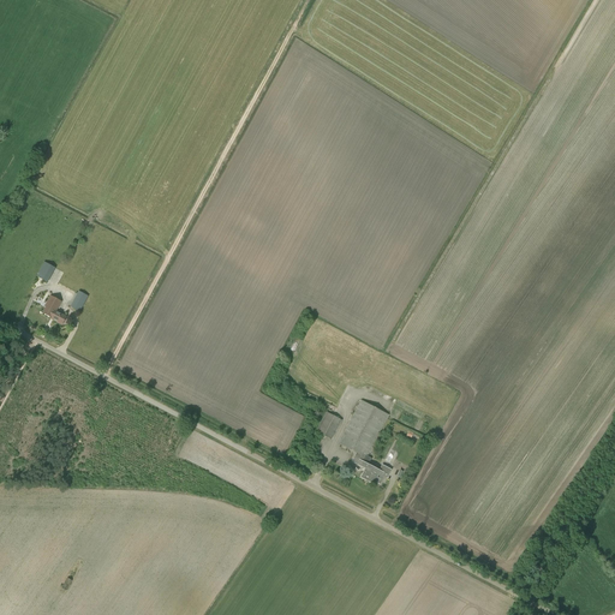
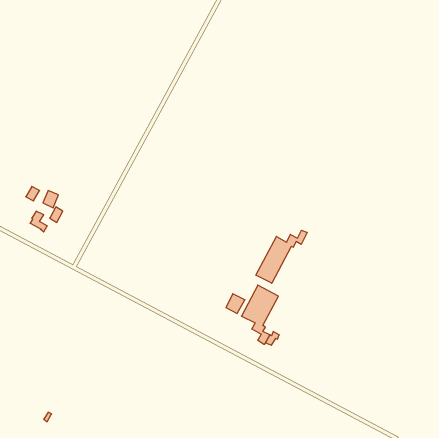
building: none -> [256,230,307,283]

